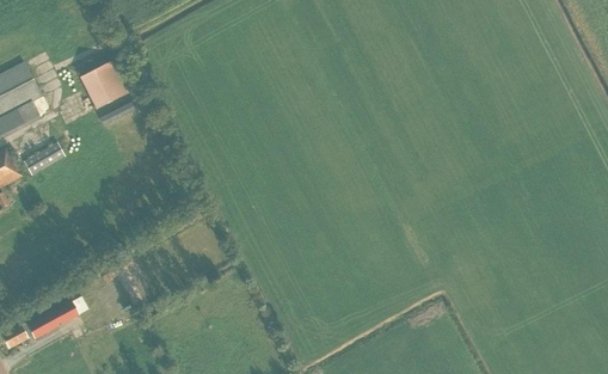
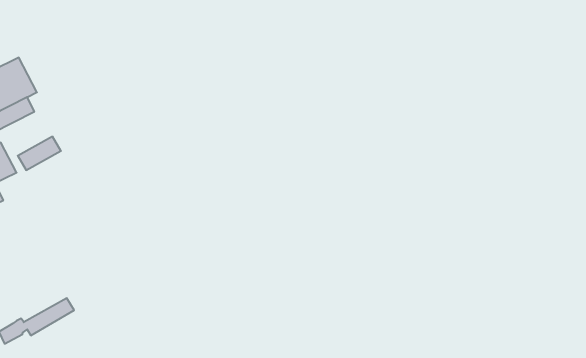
building: [78,61,127,109] -> none

